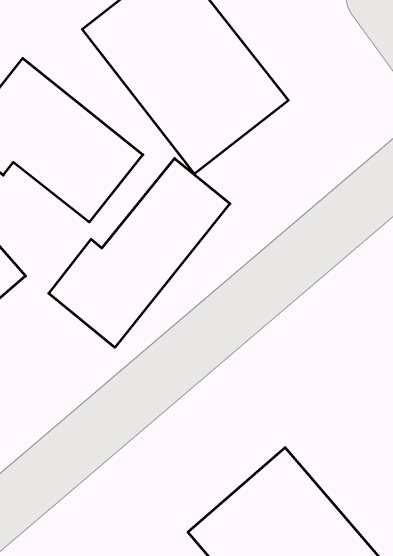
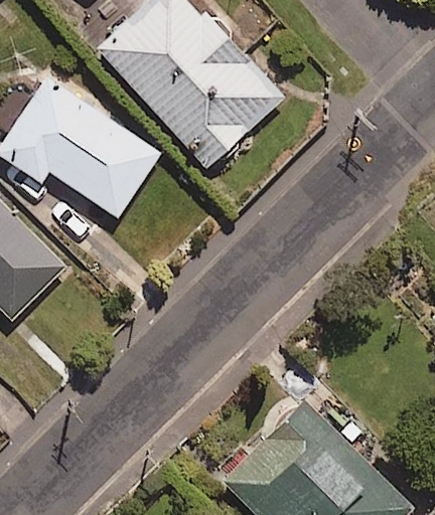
building: [49,158,230,347] -> none

